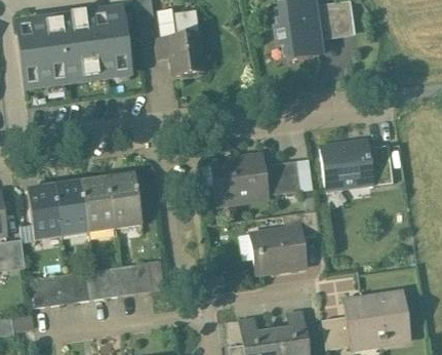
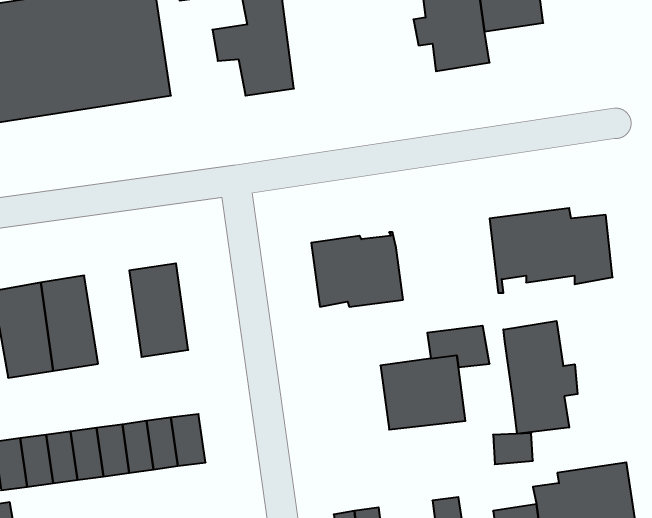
building: [265,160,300,195] -> none
building: [80,177,114,233] -> none
building: none -> [503,321,578,434]

